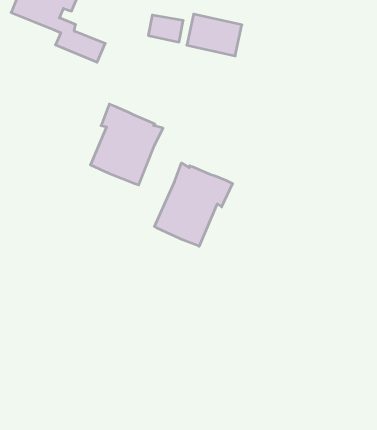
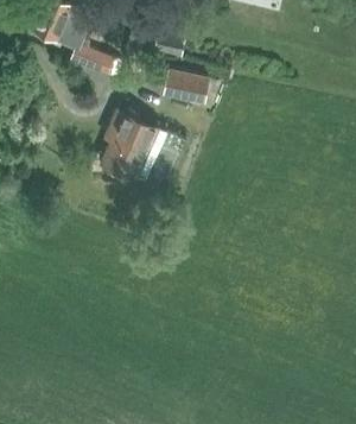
building: [187,14,242,56] -> [160,68,209,105]
building: [154,163,233,246] -> none

